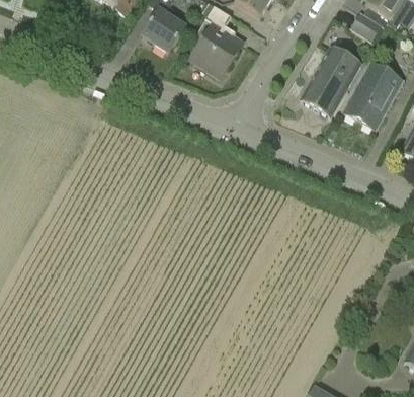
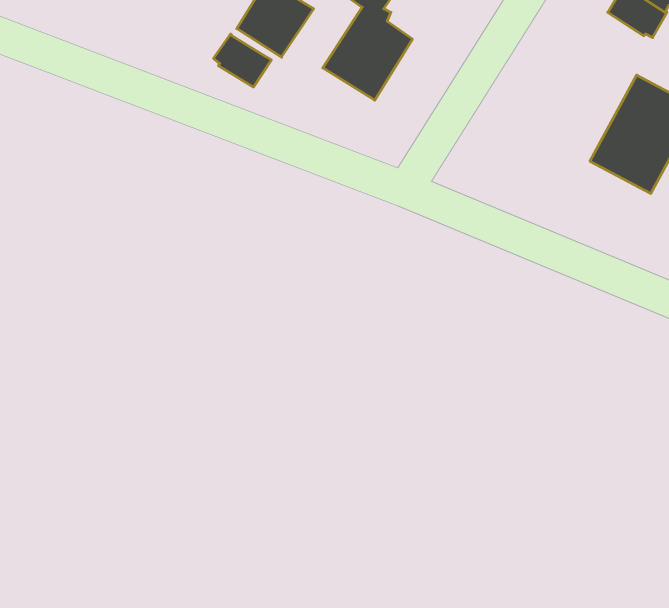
building: none -> [214,34,271,87]
building: [299,46,359,115] -> none

